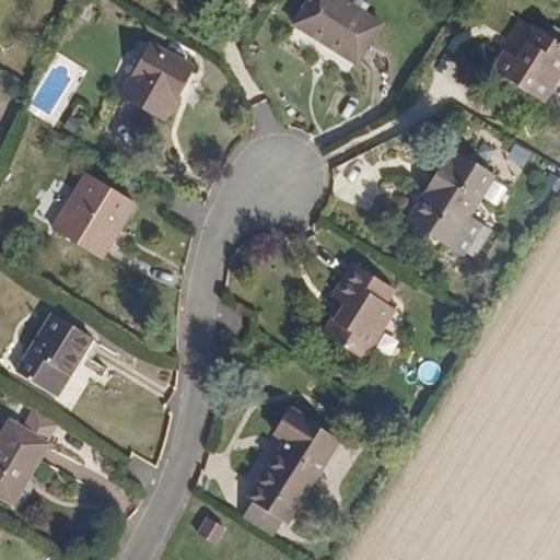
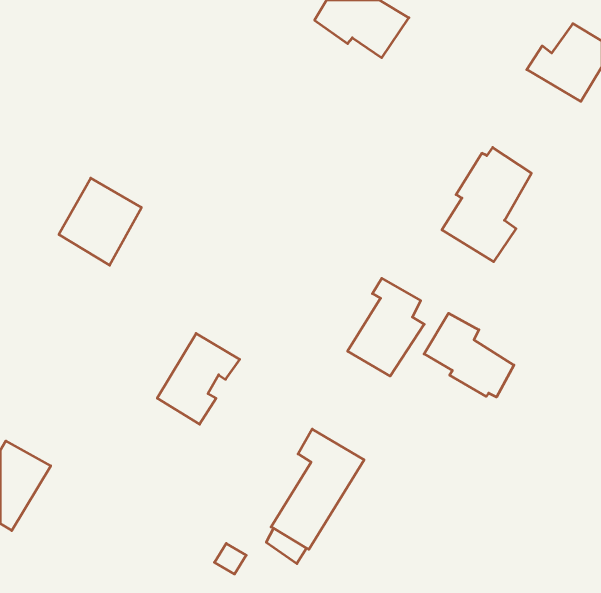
building: [120,46,189,119] -> none
building: none -> [424,313,514,397]
building: [16,312,93,396] -> [157,333,240,424]

